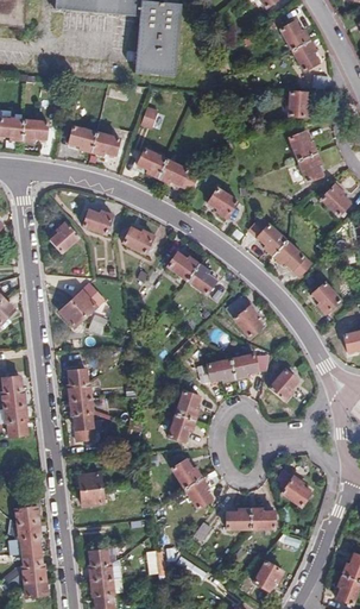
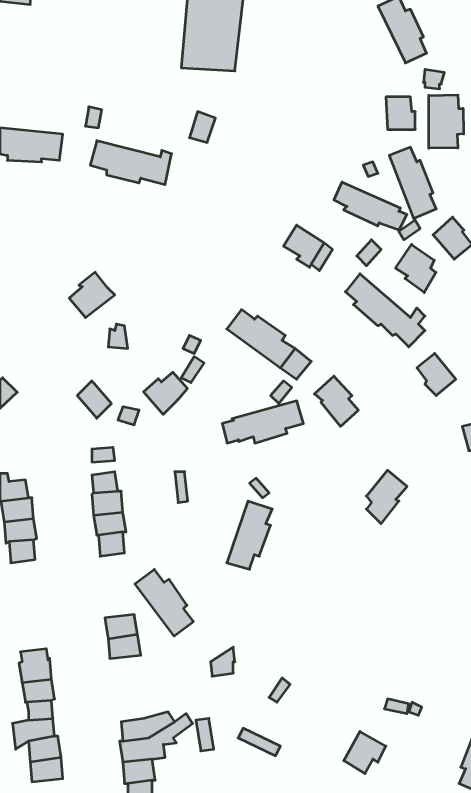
building: none -> [429,95,464,148]
building: [140,150,194,186] -> [334,182,407,231]
building: none -> [396,244,436,293]
building: [83,211,119,238] -> none
building: [124,226,160,256] -> none
building: [69,288,101,319] -> [144,372,187,414]
building: [201,352,260,383] -> [222,401,303,443]
building: [172,459,215,508] -> [135,569,193,636]
building: [279,470,312,506] -> none
building: [227,507,279,528] -> none

